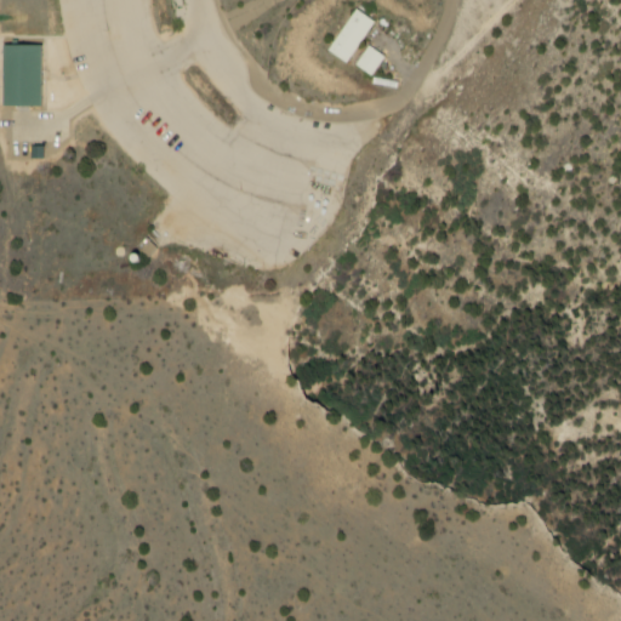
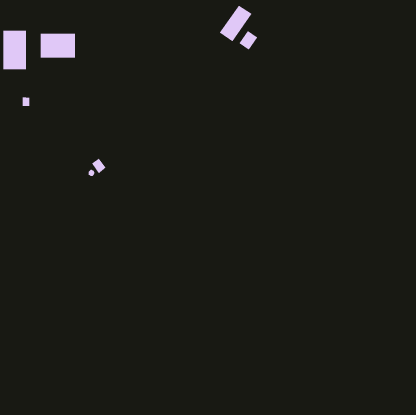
building: none -> [40,33,75,58]

